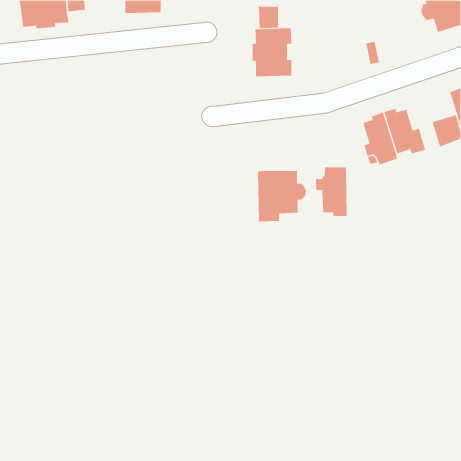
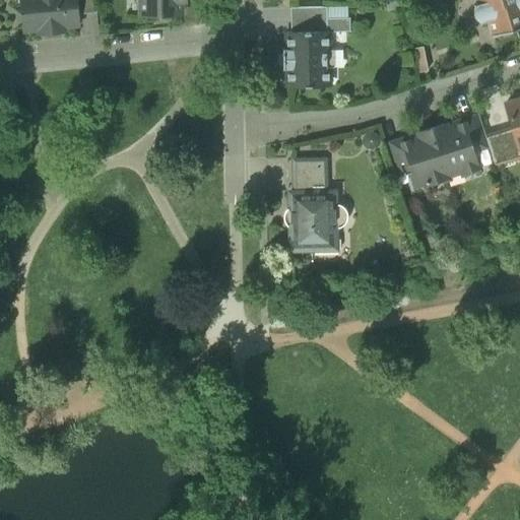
building: none -> [314,6,350,31]
building: none -> [458,116,486,146]
building: none -> [387,138,415,169]
building: none -> [294,159,326,192]
building: [316,166,347,217] -> none

